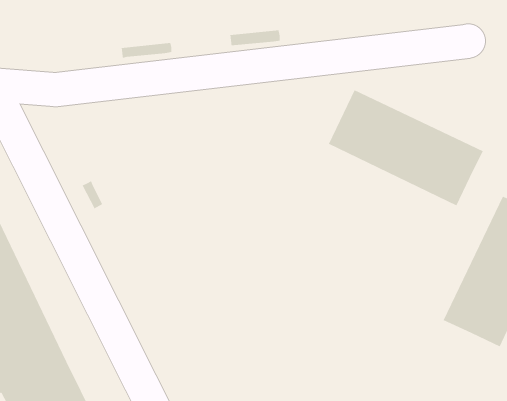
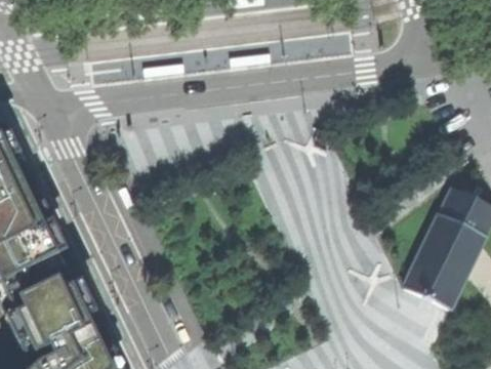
building: [328,89,484,207] -> none

